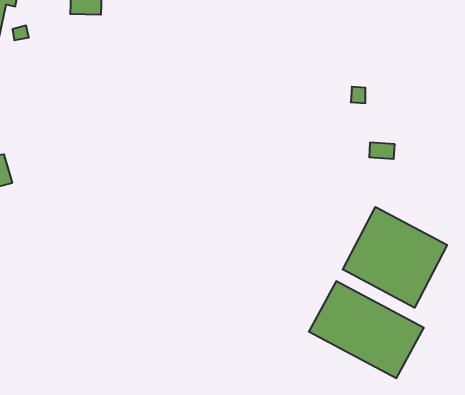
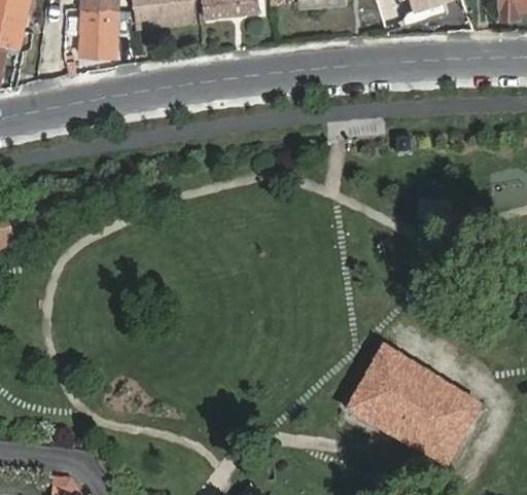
building: [343,207,447,308] -> none

